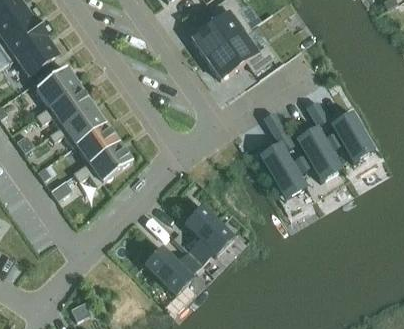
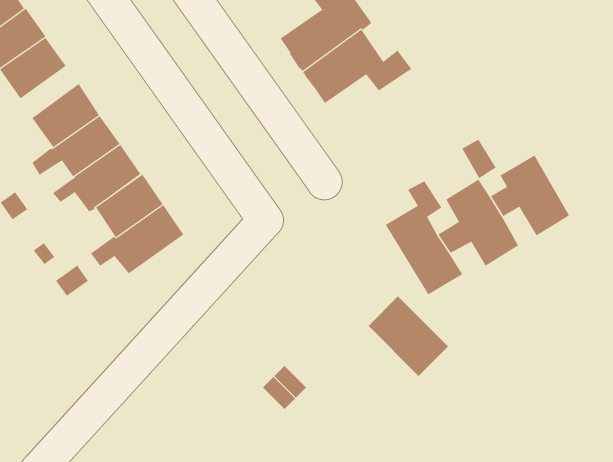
building: [184,204,235,255] -> [368,296,449,377]
building: [144,245,195,295] -> none

